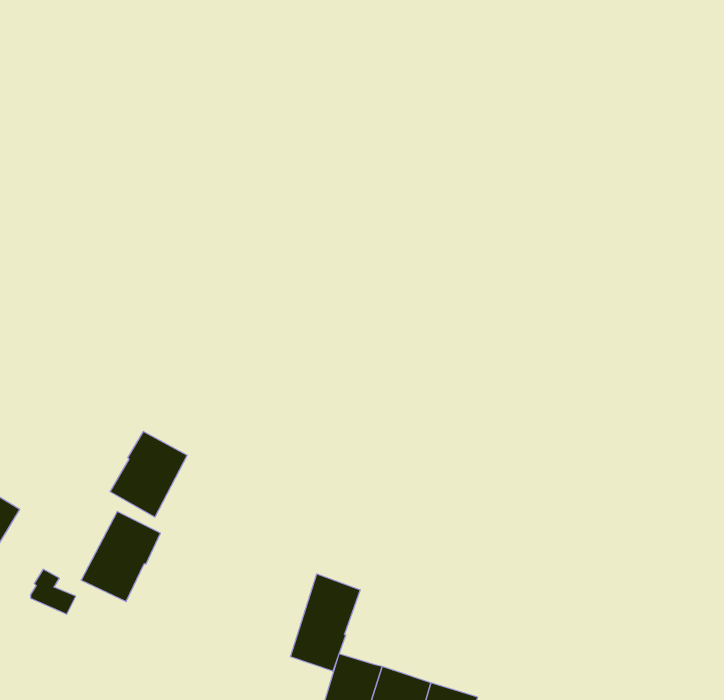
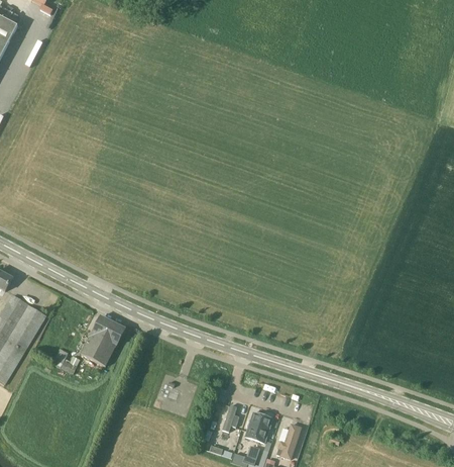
building: [110,431,187,517] -> none
building: [291,574,360,671] -> none

